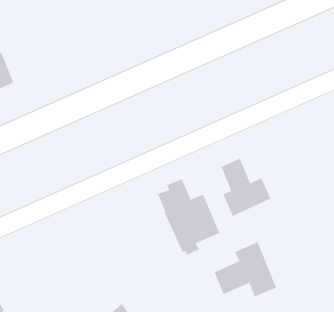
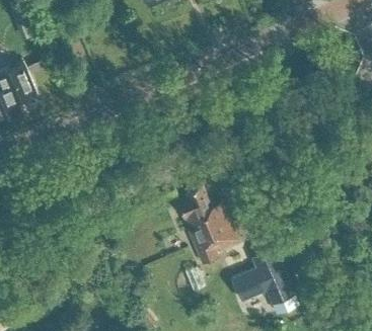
building: [221,158,271,217] -> none

